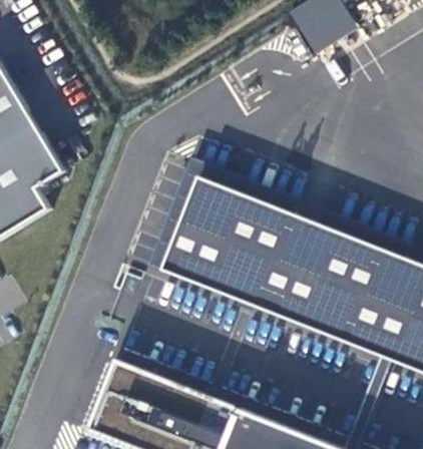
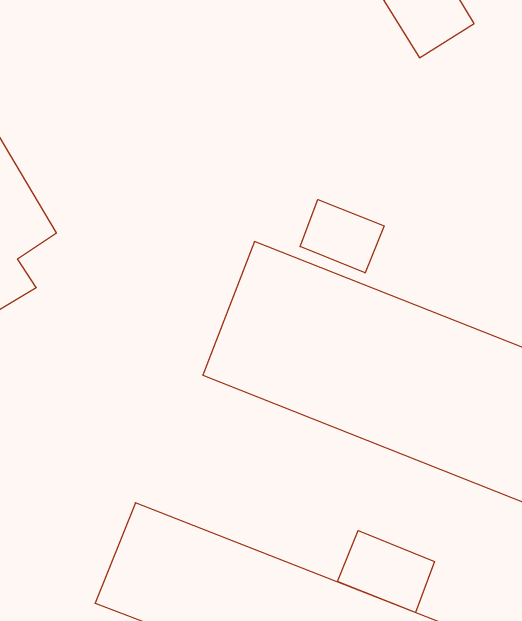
building: none -> [300,200,384,273]
building: none -> [337,531,435,612]

